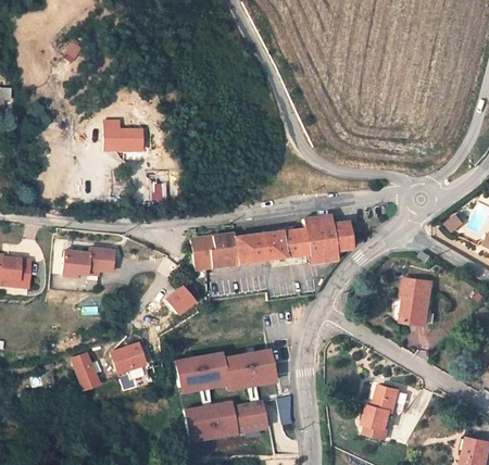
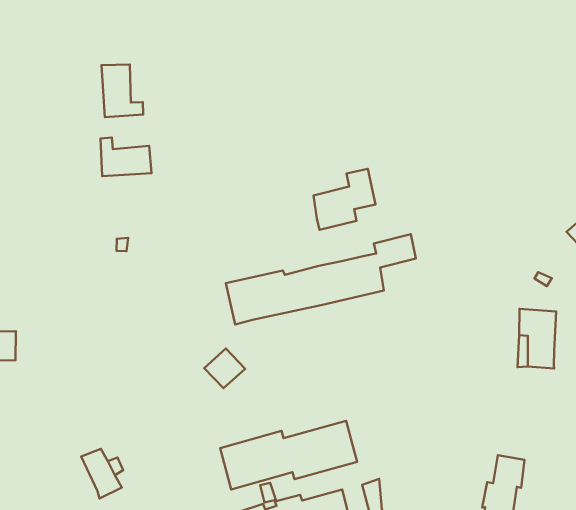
building: none -> [102,64,143,117]
building: [305,221,351,263] -> [313,169,375,230]
building: [65,250,114,277] -> none
building: [109,342,143,373] -> none

